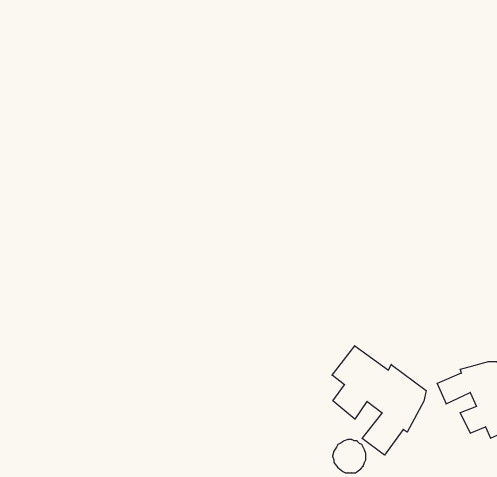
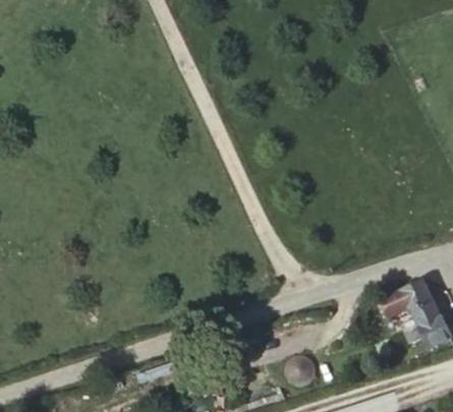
building: [332,346,426,455] -> none

